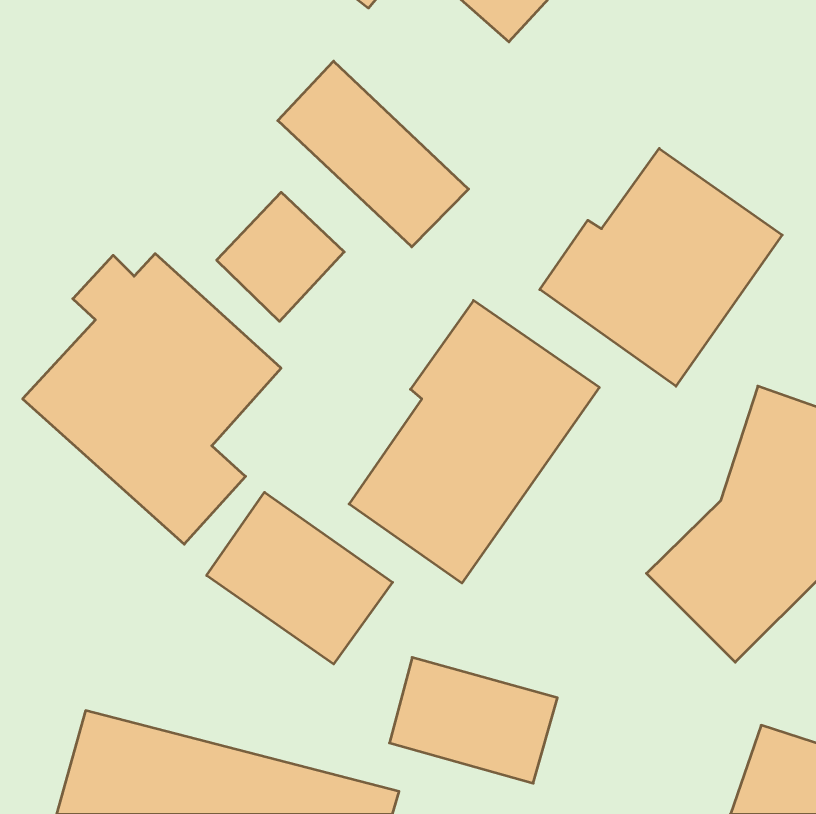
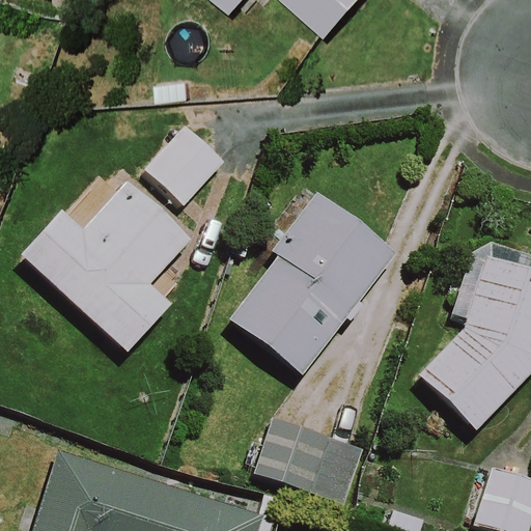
building: [278,61,469,247] -> none
building: [540,148,782,386] -> none
building: [207,492,393,664] -> none

